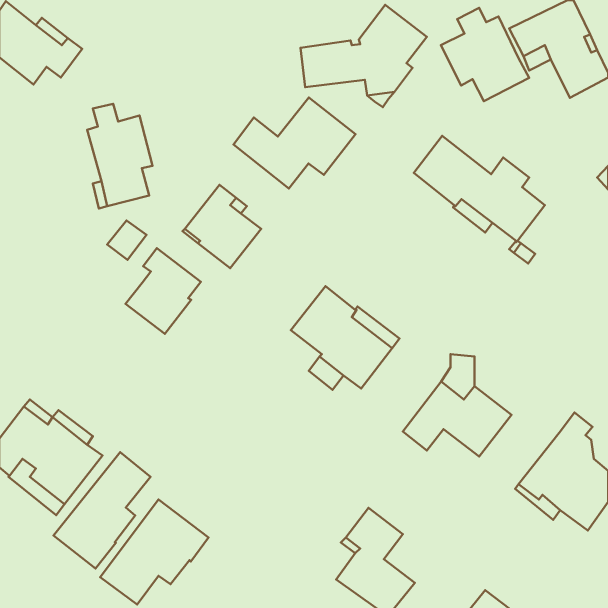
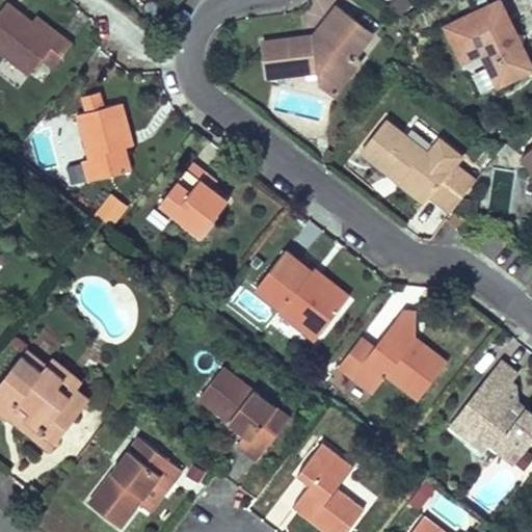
building: [441,8,529,101] -> none
building: [233,97,355,189] -> none
building: [125,248,201,334] -> none
building: none -> [197,367,289,460]
building: [53,452,150,568] -> none

